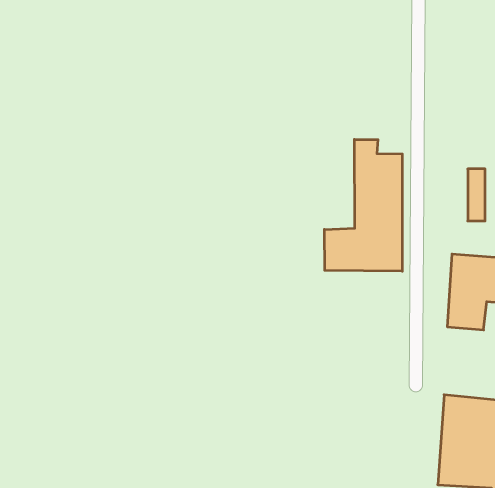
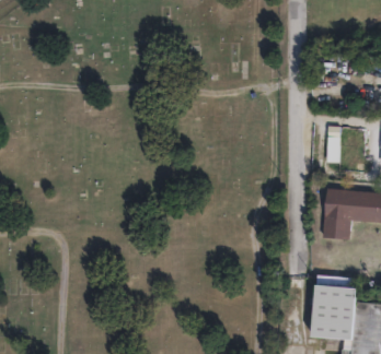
building: [324,139,402,271] -> none

